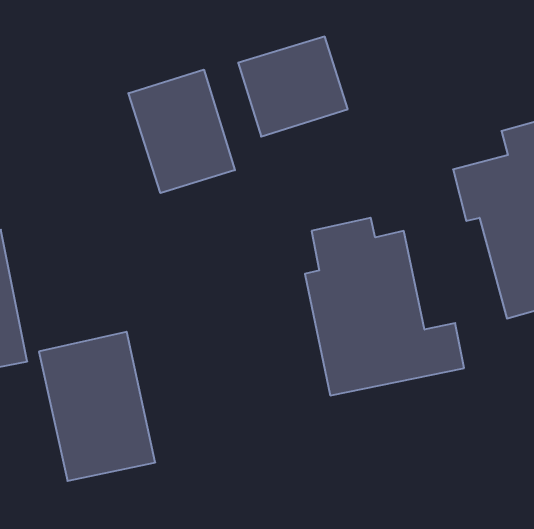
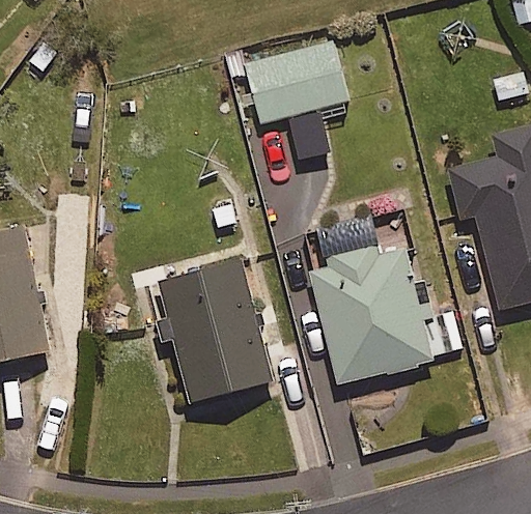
building: [128,70,235,193] -> none
building: [39,332,155,481] -> [160,261,270,402]

